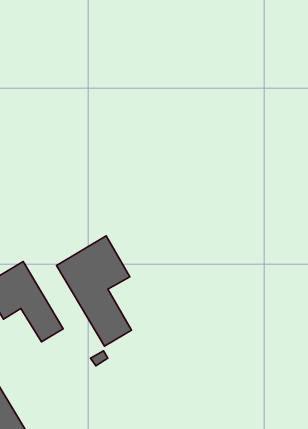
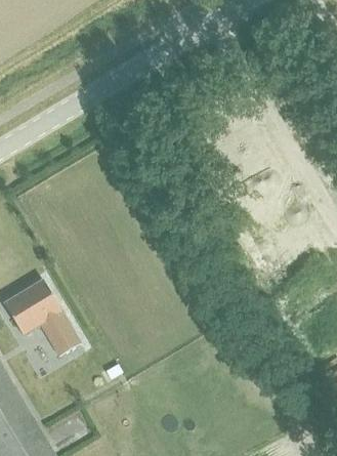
building: [56,236,132,346] -> none

